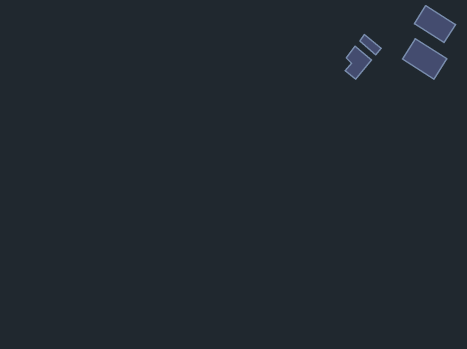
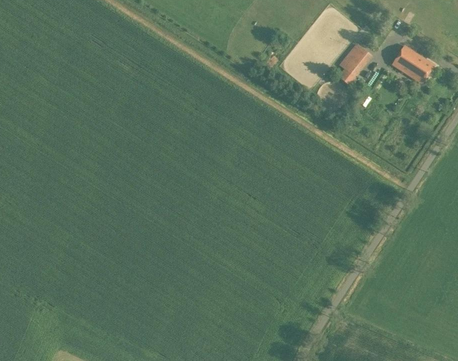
building: [414,6,456,43] -> none

